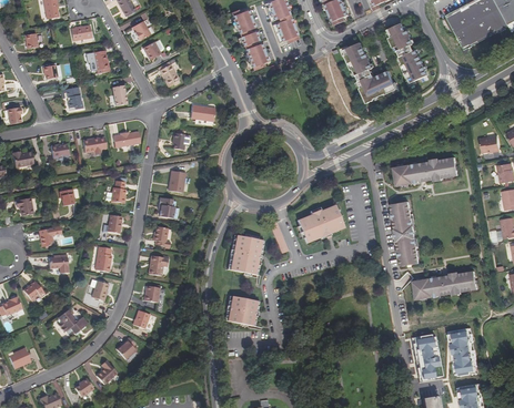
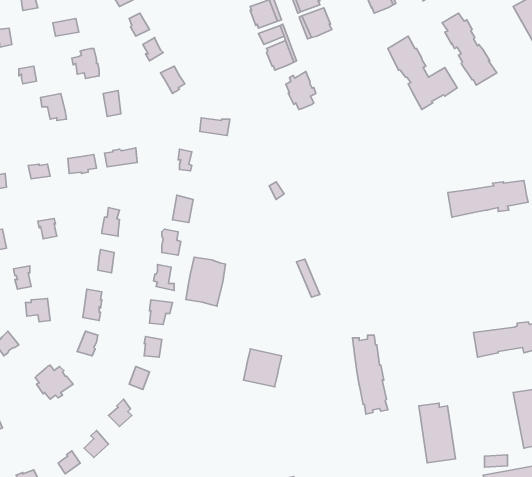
building: none -> [286,72,316,110]
building: [391,203,420,267] -> [352,335,388,414]
building: [298,204,344,243] -> none
building: [230,235,262,275] -> [186,257,225,306]
building: [412,333,442,381] -> [419,403,456,463]

